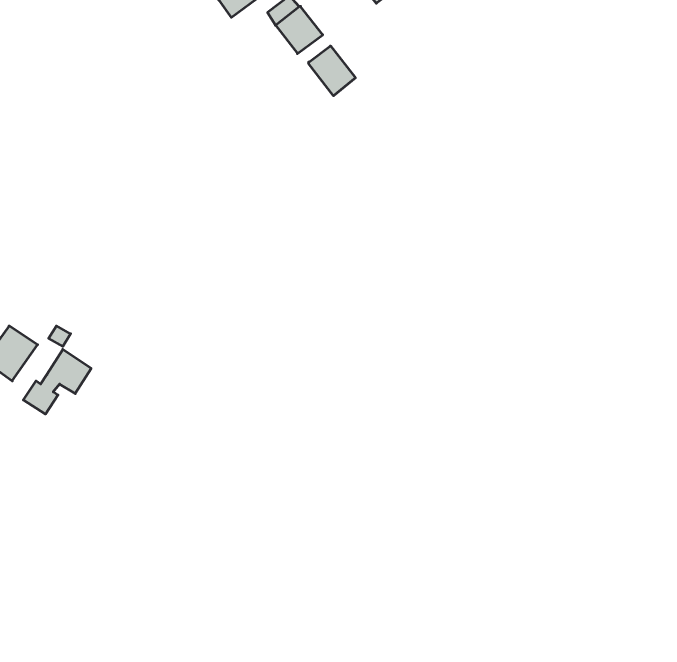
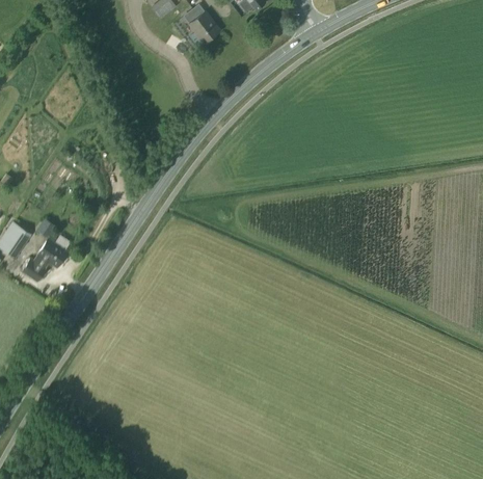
building: [309,46,355,96] -> none

